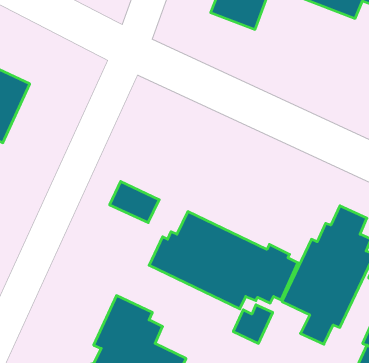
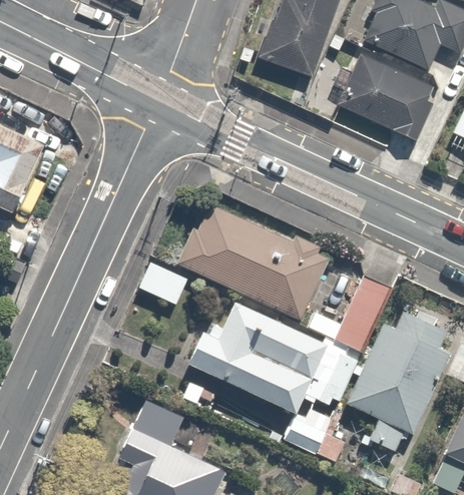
building: none -> [341,55,435,138]
building: none -> [177,195,338,326]
building: none -> [311,269,397,354]

